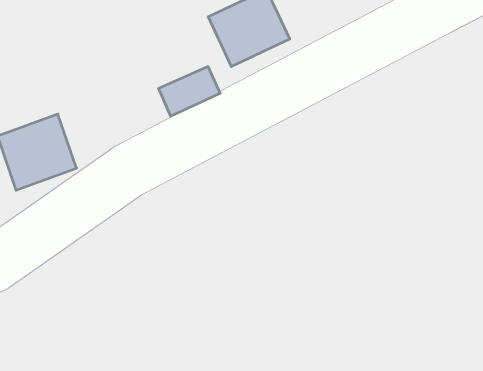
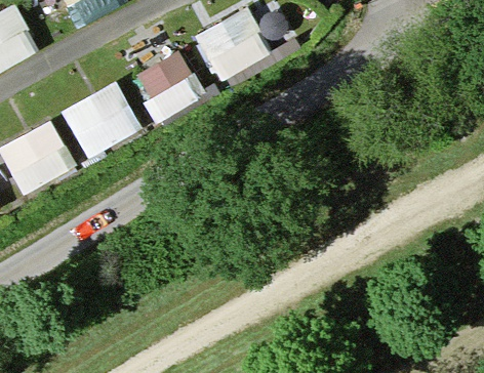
building: none -> [60,81,140,159]

